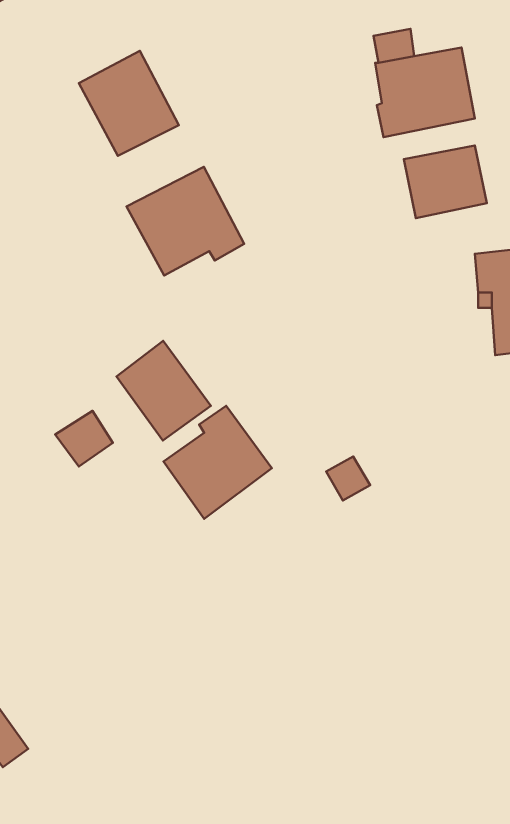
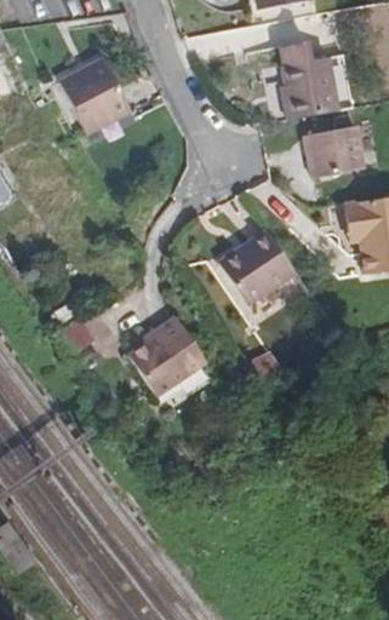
building: [126,167,244,276] -> none
building: none -> [219,226,297,304]
building: [117,341,211,441] -> none

